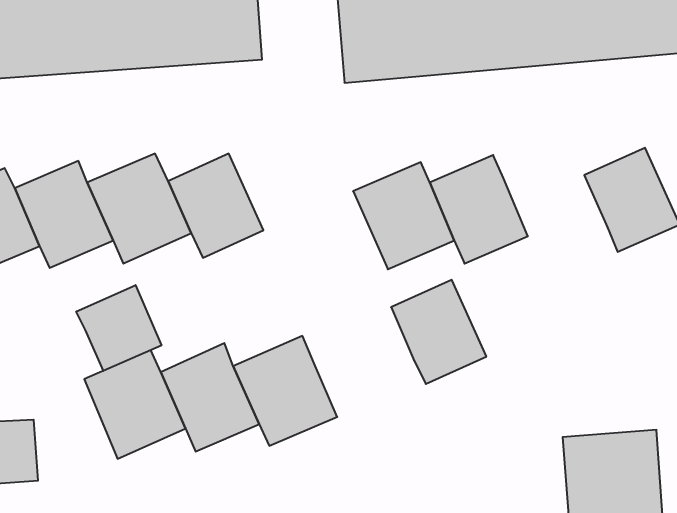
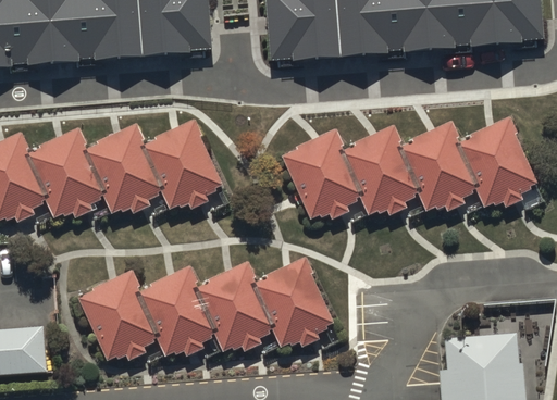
building: none -> [396,121,474,203]
building: [391,280,486,384] -> [253,262,325,340]
building: [76,285,161,371] -> none

